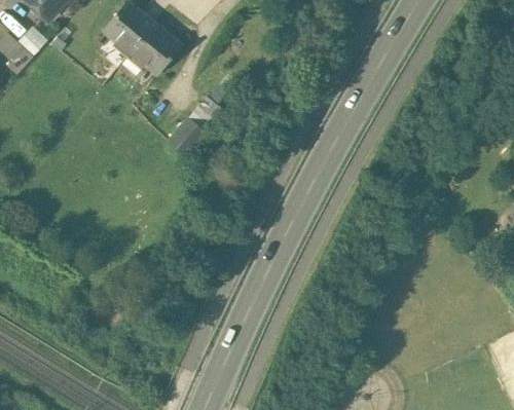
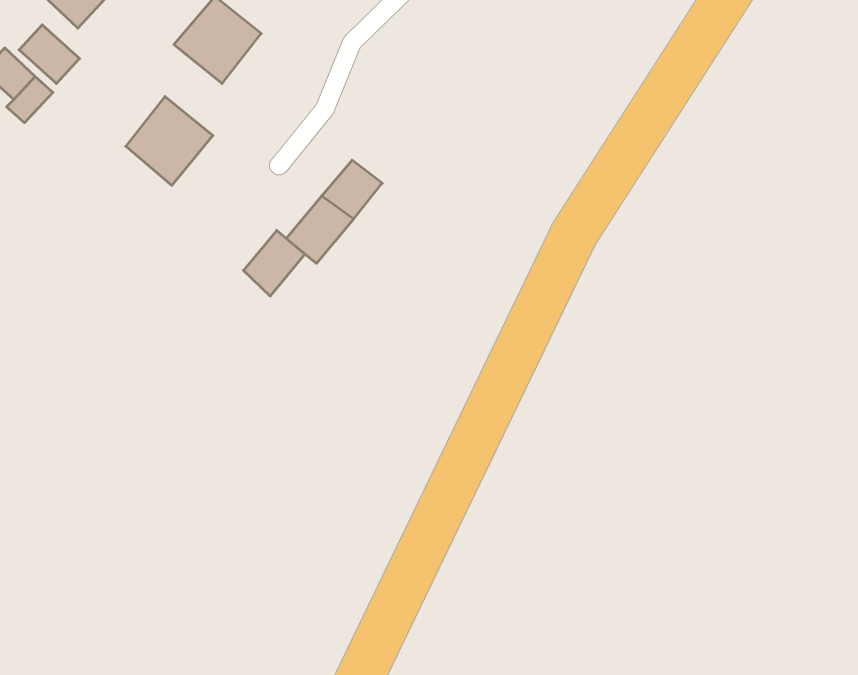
building: [131,25,181,76] -> [126,96,213,185]
building: none -> [243,230,305,296]

